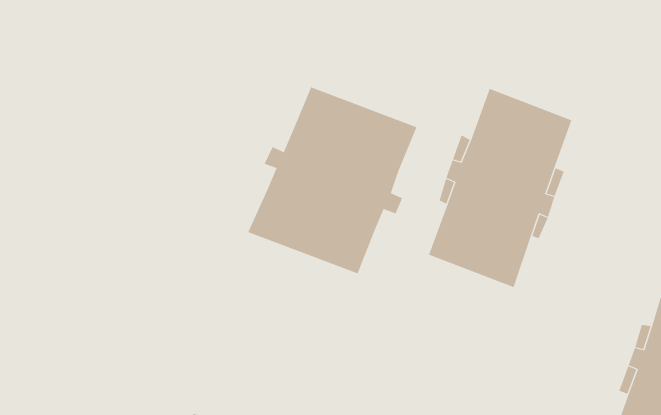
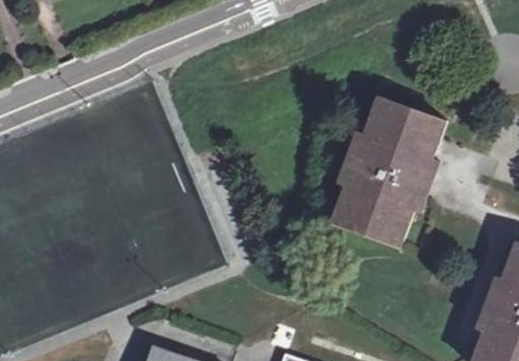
building: [248,86,417,274] -> none

